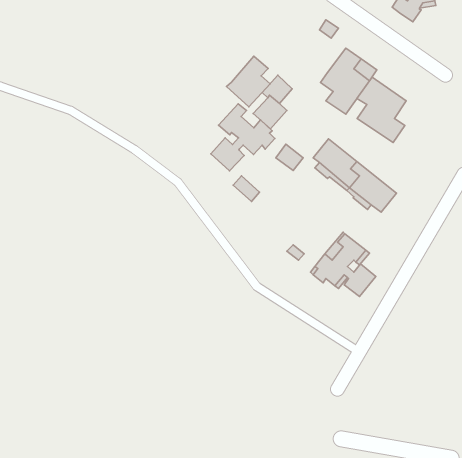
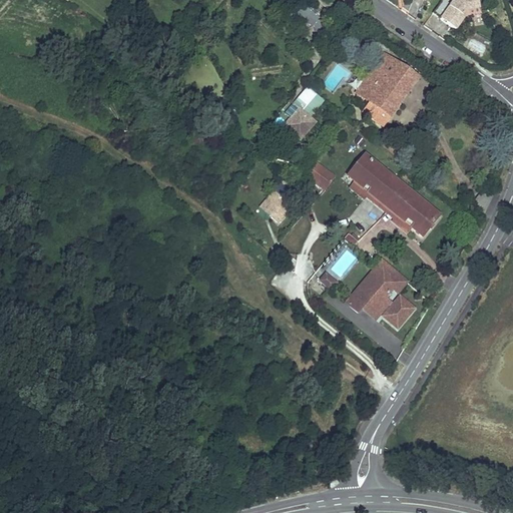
building: [227,56,270,107] -> none
building: [357,77,406,142] -> none
building: [211,104,275,171] -> none

